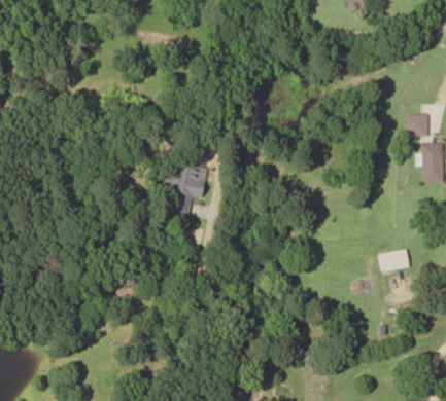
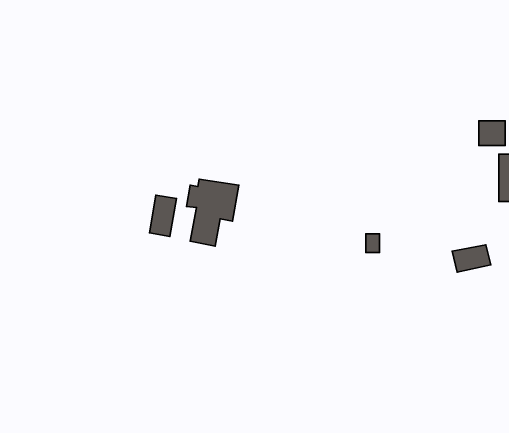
building: none -> [149,195,176,236]
building: [377,250,409,272] -> [452,245,491,272]

